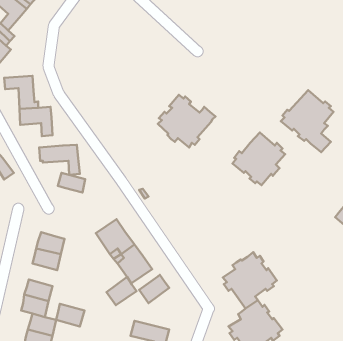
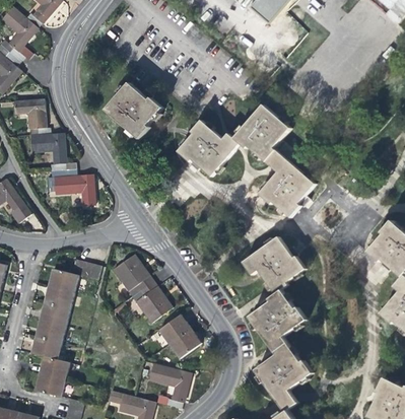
building: none -> [106,82,163,139]
building: [281,90,334,152] -> [234,104,291,171]
building: [58,173,85,192] -> [71,259,100,280]
building: none -> [243,236,306,294]
building: [106,277,137,305] -> [168,328,201,358]
building: [56,304,84,327] -> [40,301,70,326]

